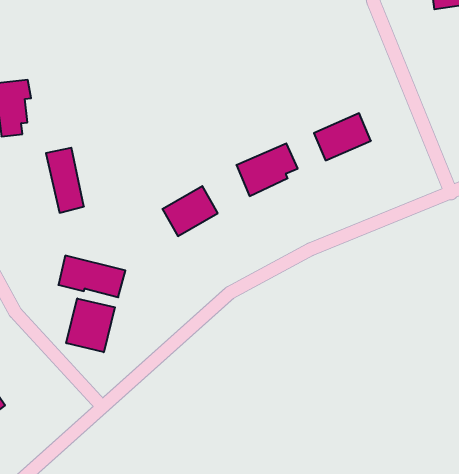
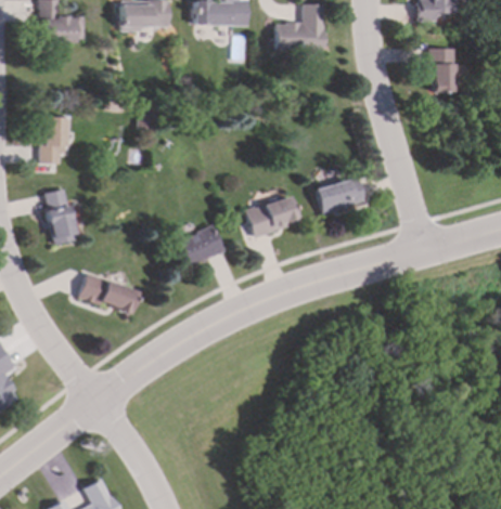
building: [46,148,84,213] -> [46,190,74,245]
building: [66,298,115,352] -> none

